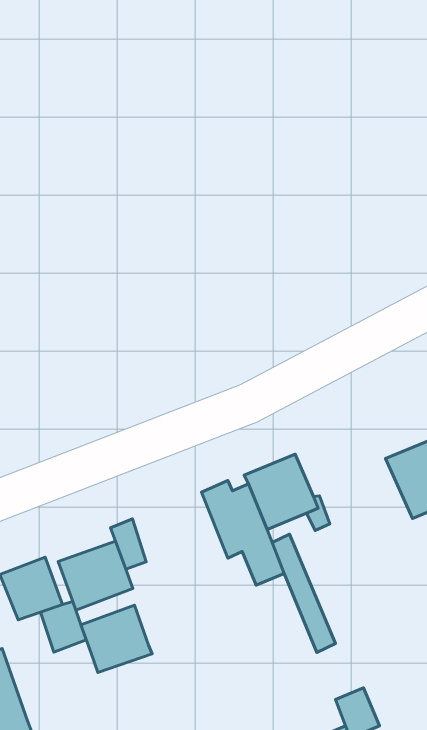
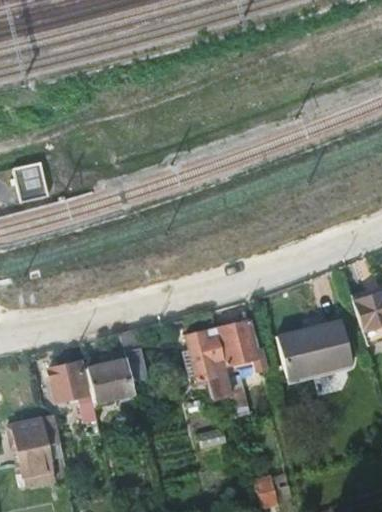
building: none -> [277,331,320,381]
building: [81,605,152,672] -> none

